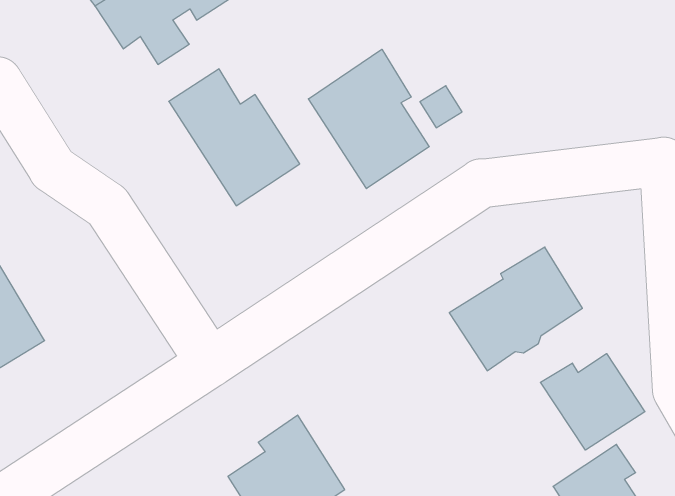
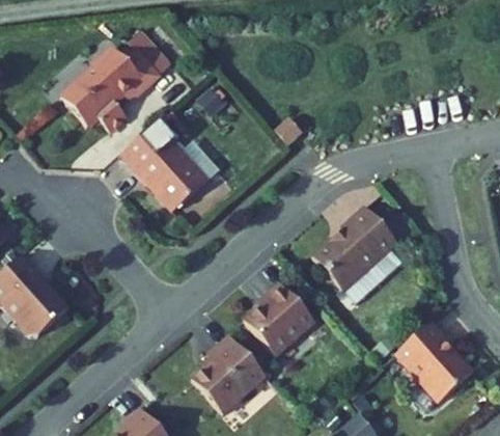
building: [308,49,429,189] -> none
building: none -> [246,282,315,355]
building: [540,354,645,450] -> none

